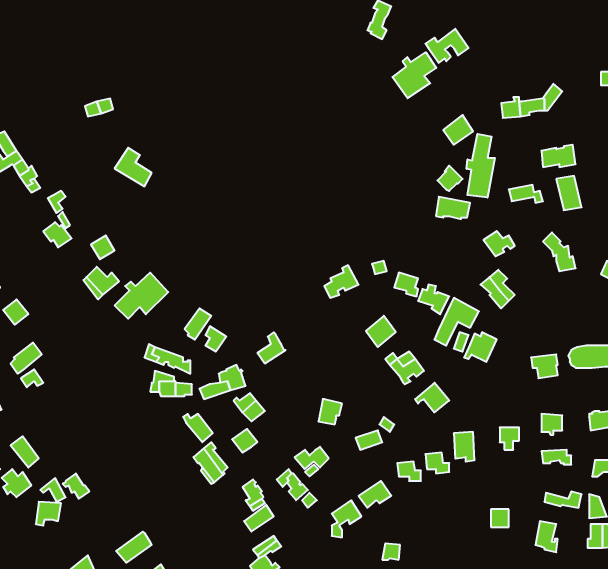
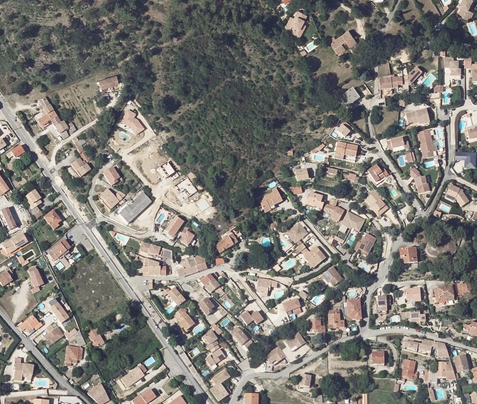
building: [392,52,436,98] -> none
building: [467,134,495,198] -> none

